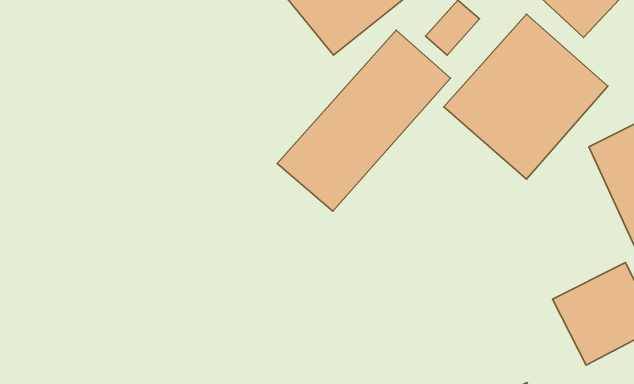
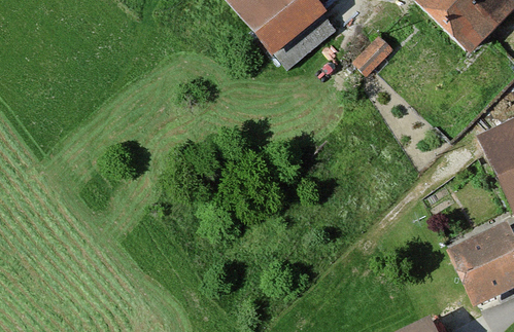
building: [444,14,608,179] -> none
building: [277,30,450,211] -> none

